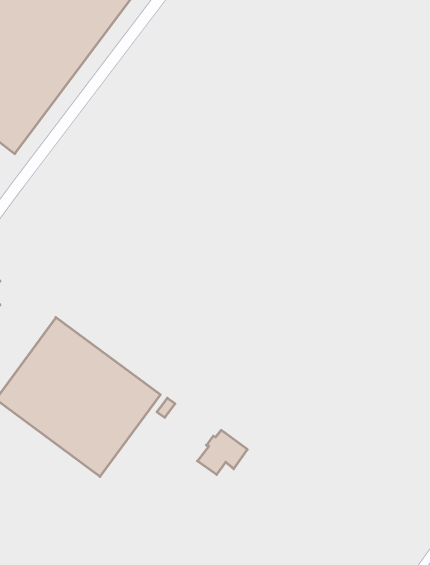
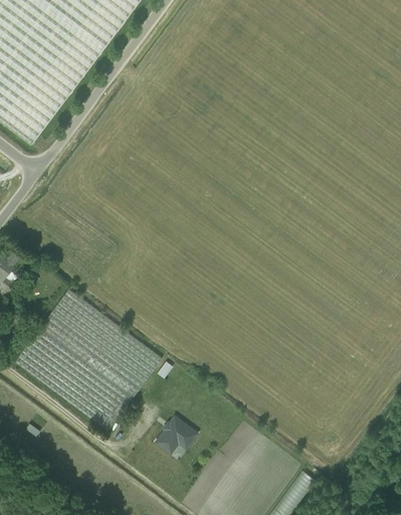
building: [197,430,247,475] -> [154,414,198,454]

